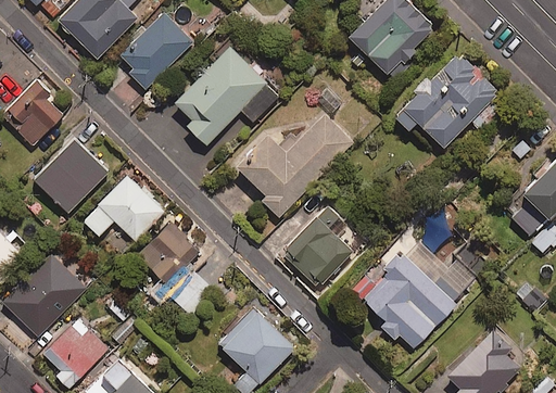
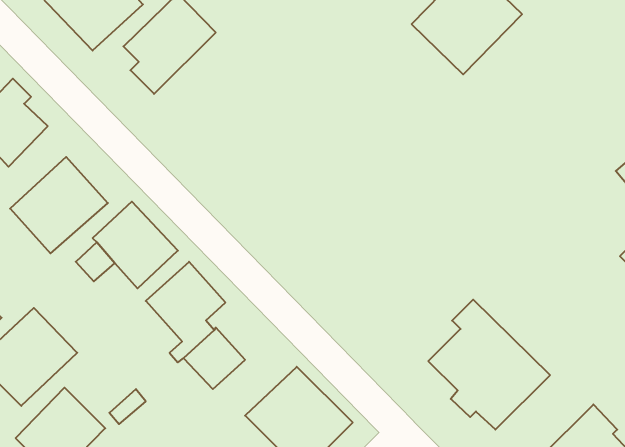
building: [176,41,270,143] -> none
building: [389,48,497,145] -> none
building: [236,113,355,218] -> none
building: [282,207,355,289] -> none

